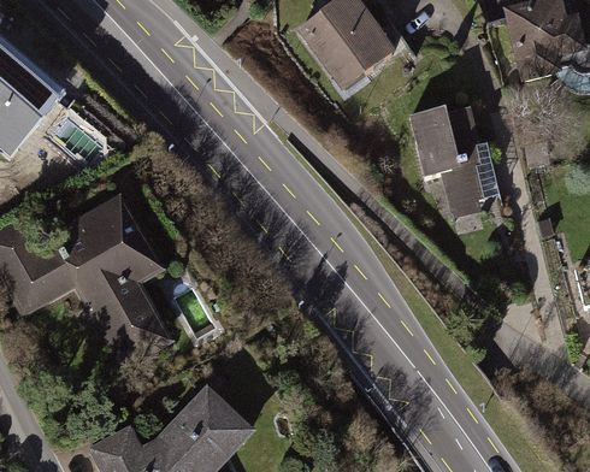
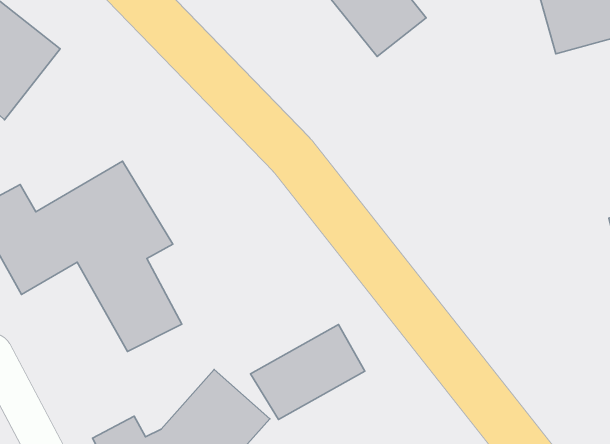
building: [414,108,511,224] -> none
building: none -> [251,324,365,420]

